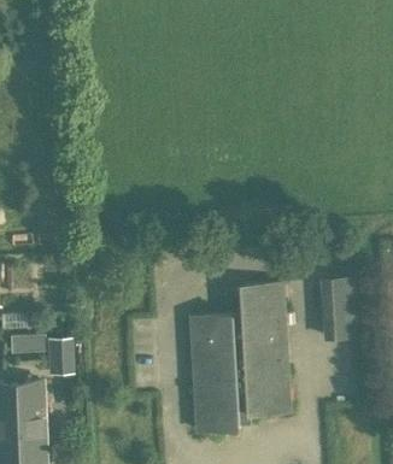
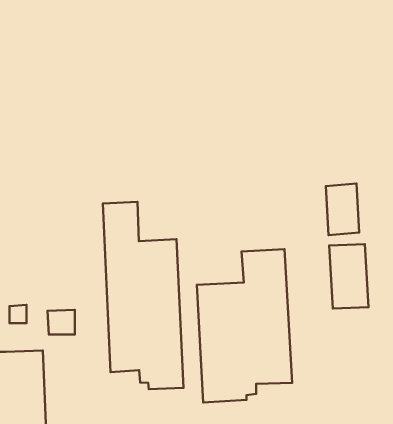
building: none -> [326,184,359,235]
building: none -> [103,202,183,389]

